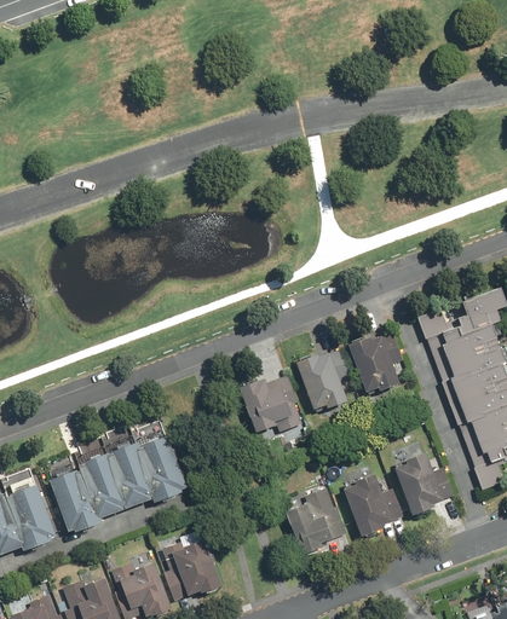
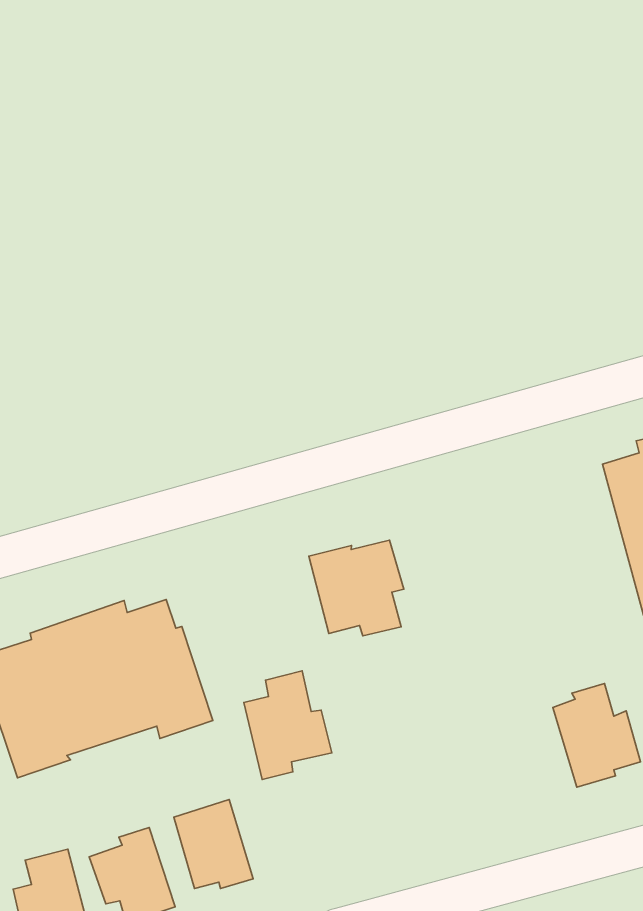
building: [347,331,401,393] -> none
building: [294,349,350,411] -> none
building: [344,473,402,538] -> none
building: [290,486,346,554] -> [244,671,332,780]

